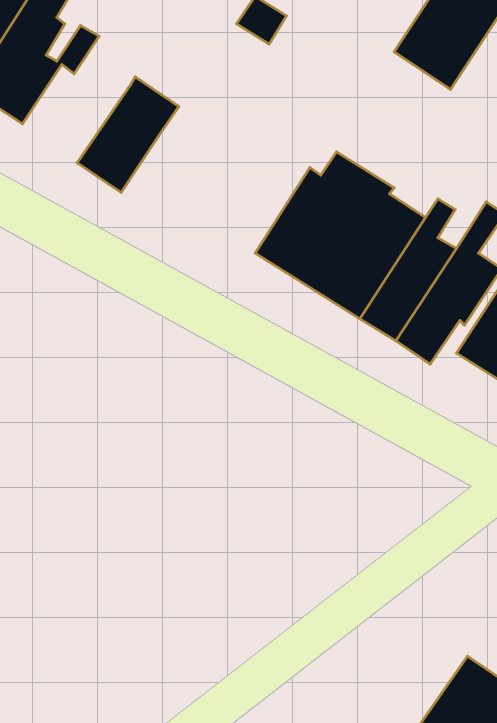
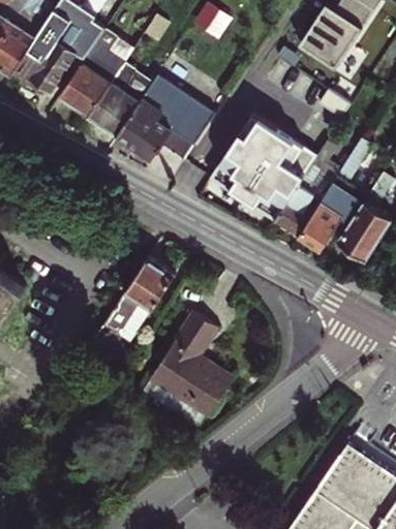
building: none -> [59,31,126,119]
building: none -> [117,75,216,161]
building: none -> [103,262,171,344]
building: none -> [141,316,232,428]

